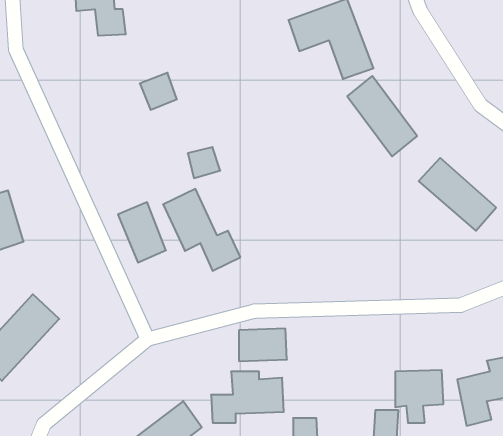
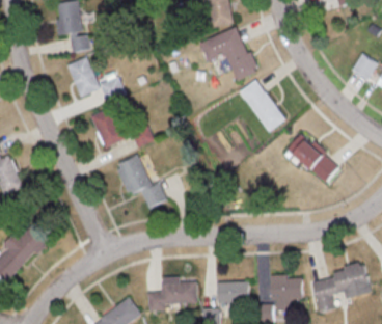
building: none -> [66,57,100,98]
building: [118,202,166,263] -> [91,108,124,149]
building: [239,329,287,361] -> [217,281,249,303]

